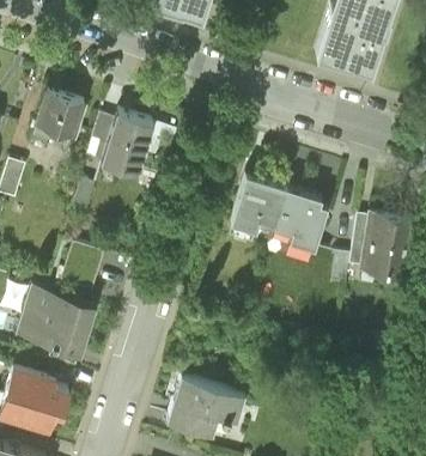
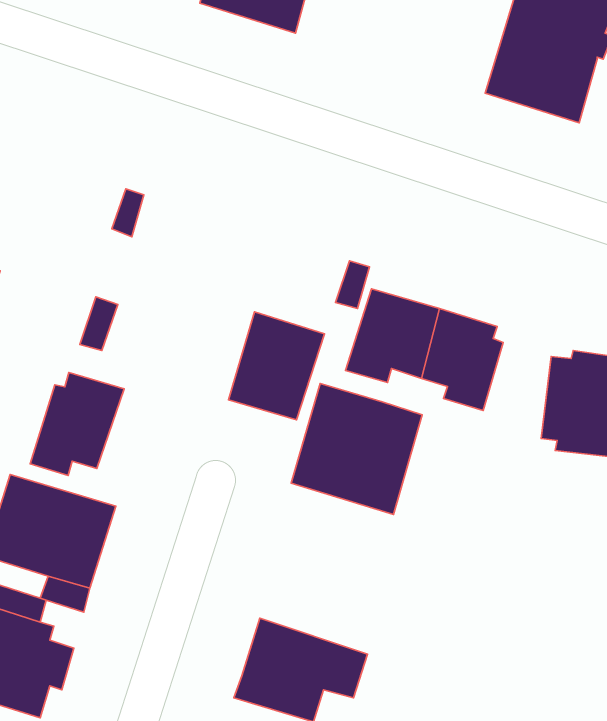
building: [34,91,87,146] -> none
building: [101,114,158,178] -> [229,312,324,420]
building: none -> [30,373,124,476]
building: none -> [291,384,422,514]

